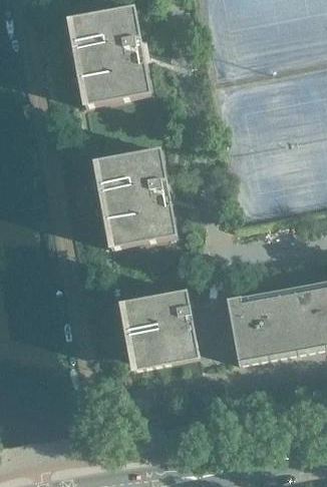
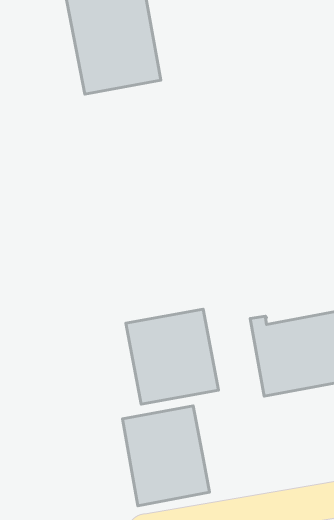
building: [93,146,176,247] -> none
building: none -> [123,406,210,506]

